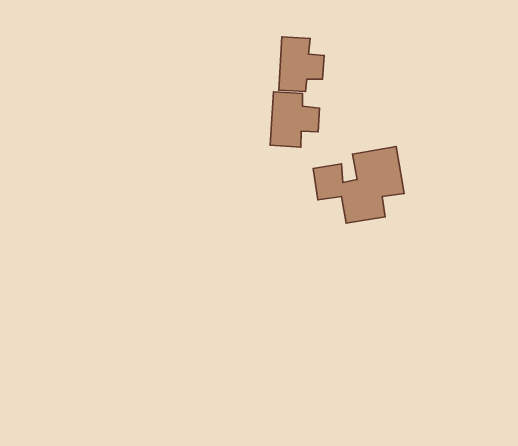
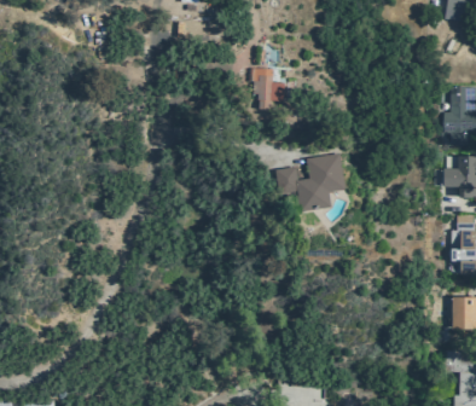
building: [270,92,319,147] -> none

